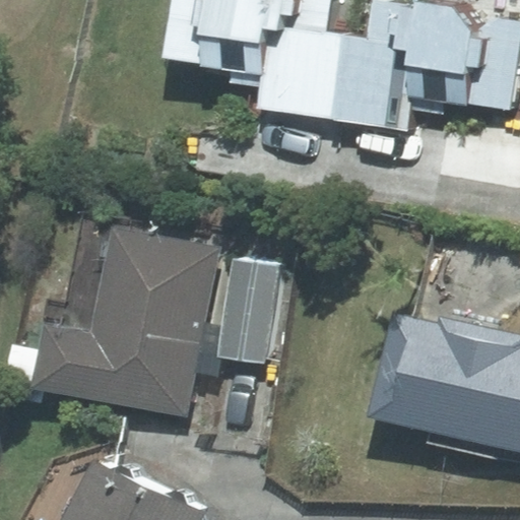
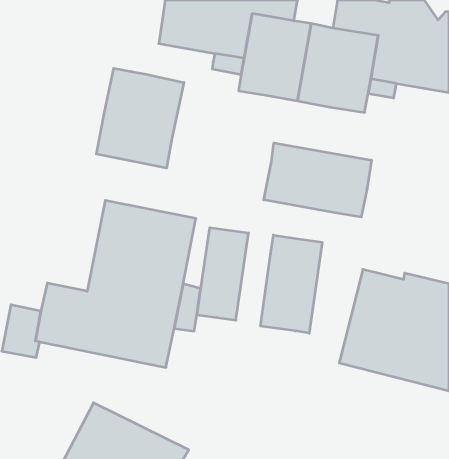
building: none -> [96,68,184,168]
building: none -> [264,143,371,217]
building: none -> [261,235,322,333]

